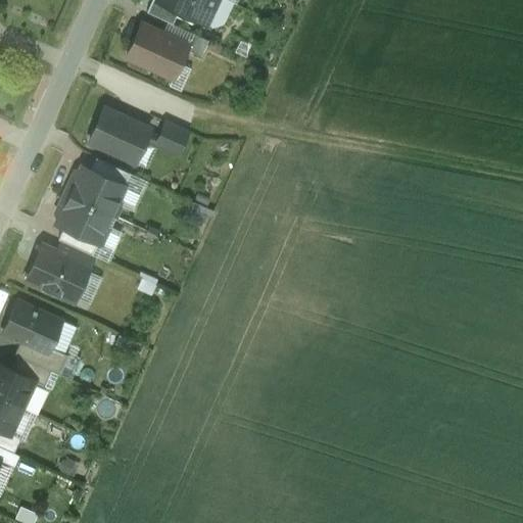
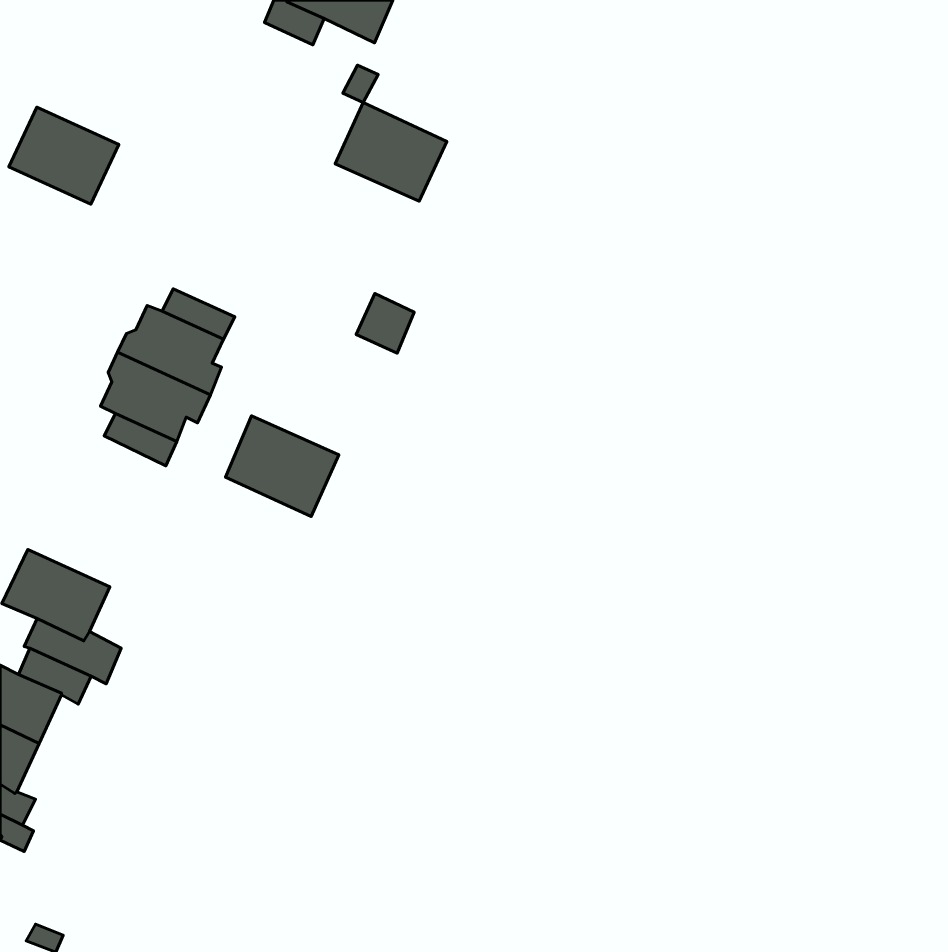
building: [128,23,189,78] -> [335,102,447,201]
building: [90,108,150,161] -> [9,107,119,204]
building: [156,123,188,155] -> [356,294,414,353]
building: [28,245,90,300] -> [225,416,339,516]

